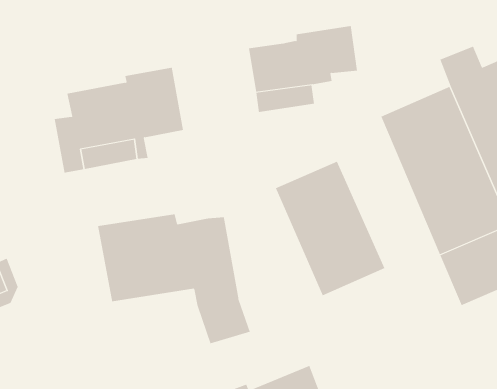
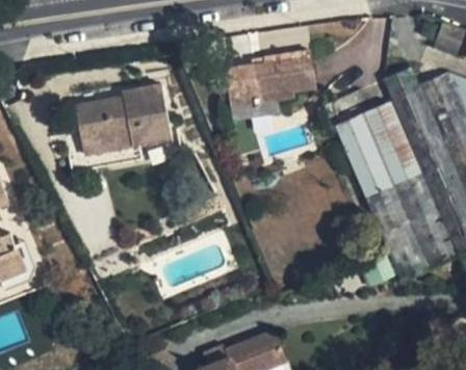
building: [275,161,385,296] -> none
building: [97,213,251,344] -> none

